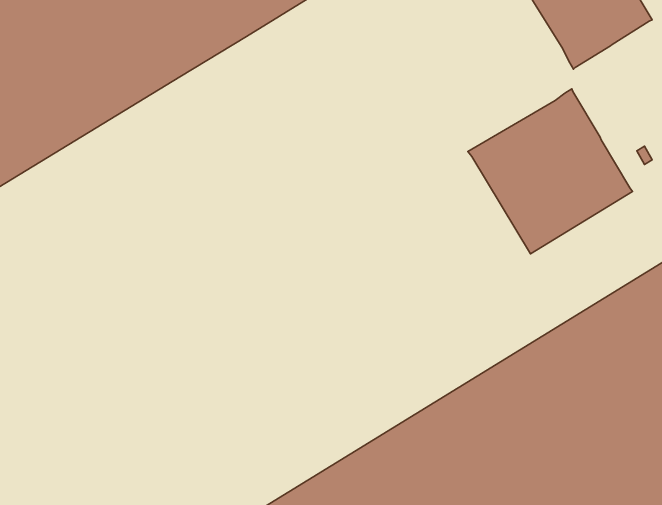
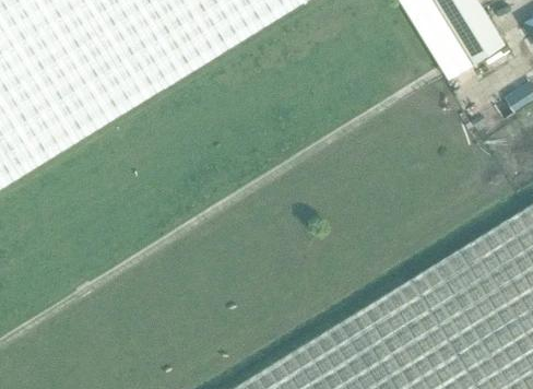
building: [468,89,632,254] -> none

